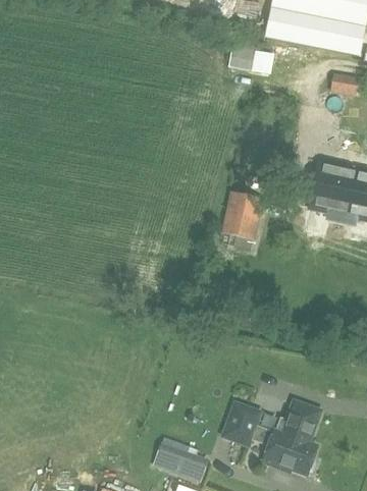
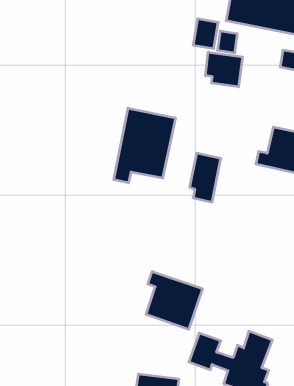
building: none -> [205,52,243,87]
building: none -> [114,108,175,183]
building: none -> [146,271,202,329]

